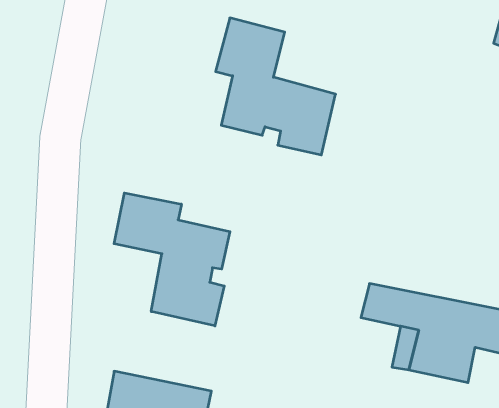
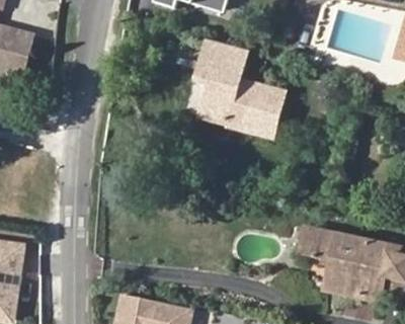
building: [114,193,230,326] -> none

